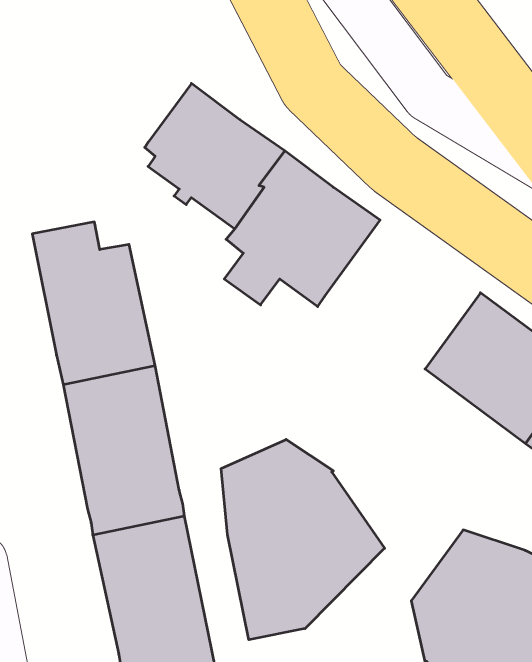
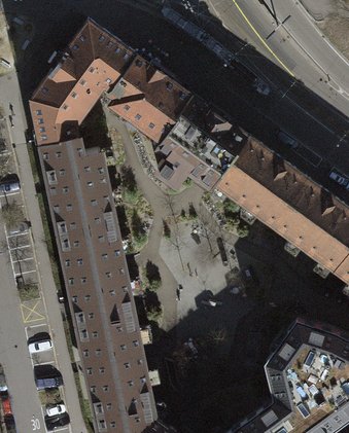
building: none -> [33,24,137,147]
building: none -> [216,139,309,227]
building: [221,439,385,640] -> none

